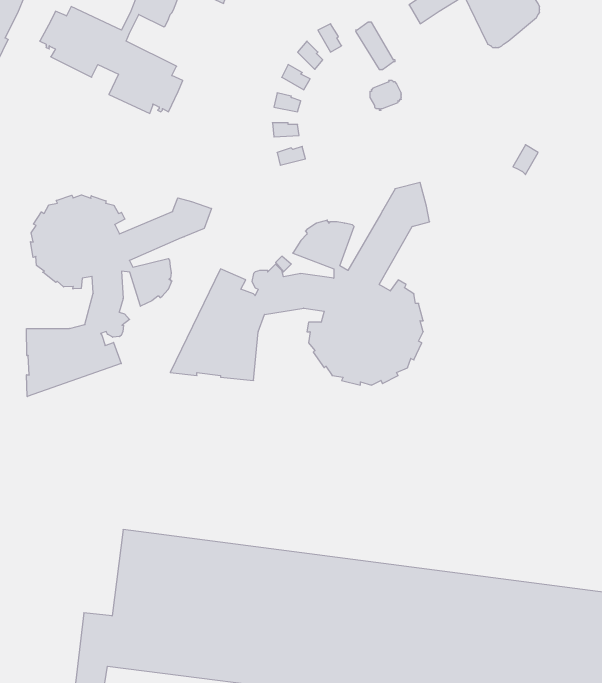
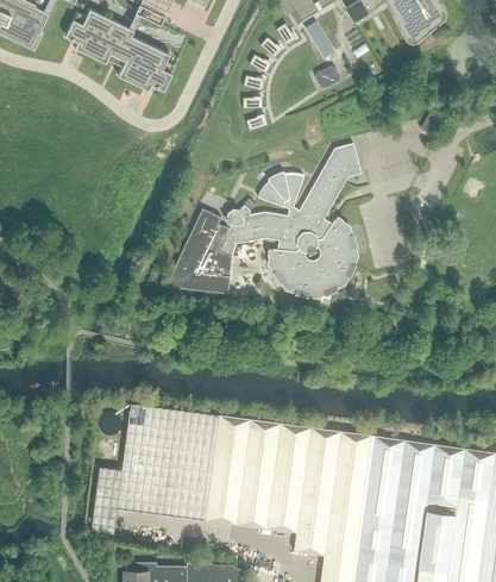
building: [27,195,211,397] -> none

